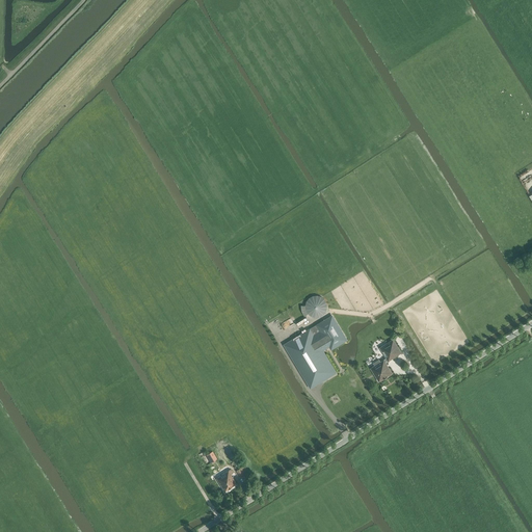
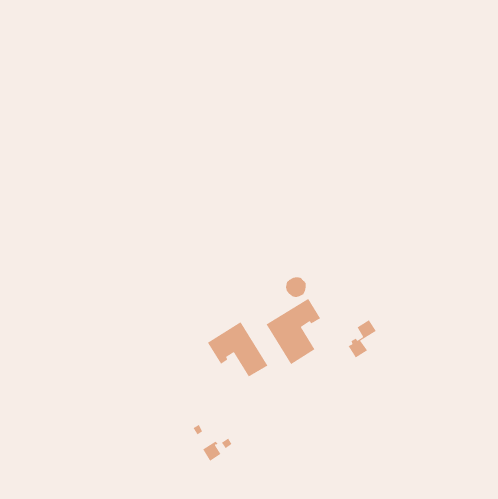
building: none -> [207,321,268,378]

